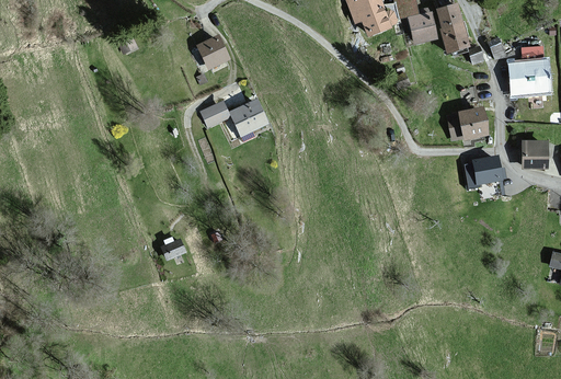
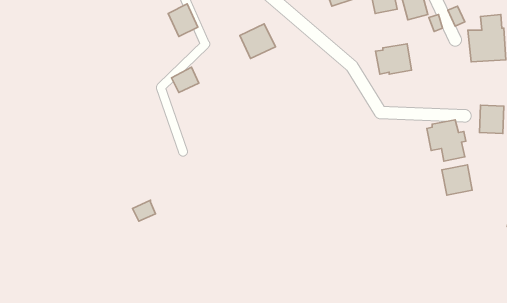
building: [230,99,267,135] -> [240,24,276,59]
building: [449,107,486,139] -> [376,44,411,74]
building: none -> [442,165,472,195]

